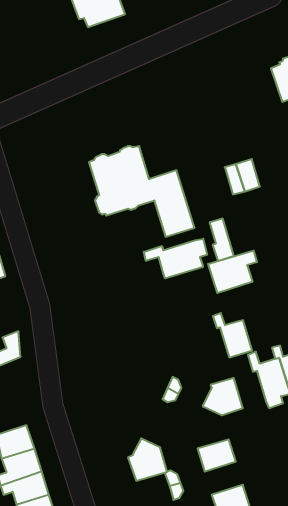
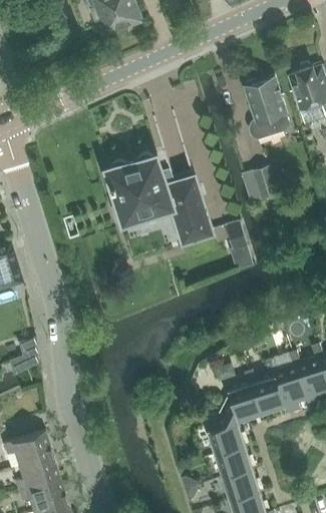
building: none -> [244,76,291,139]
building: [144,239,207,278] -> none
building: [208,251,257,293] -> none
building: [213,313,252,357] -> [244,370,283,414]
building: [128,438,167,481] -> [207,412,246,454]
building: none -> [222,467,260,500]

